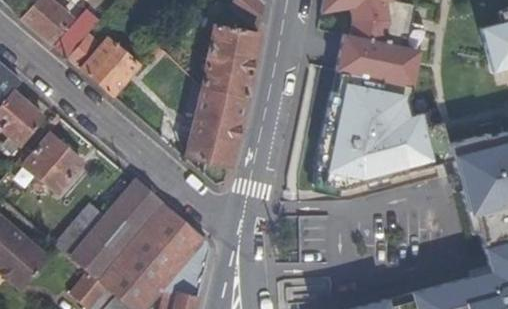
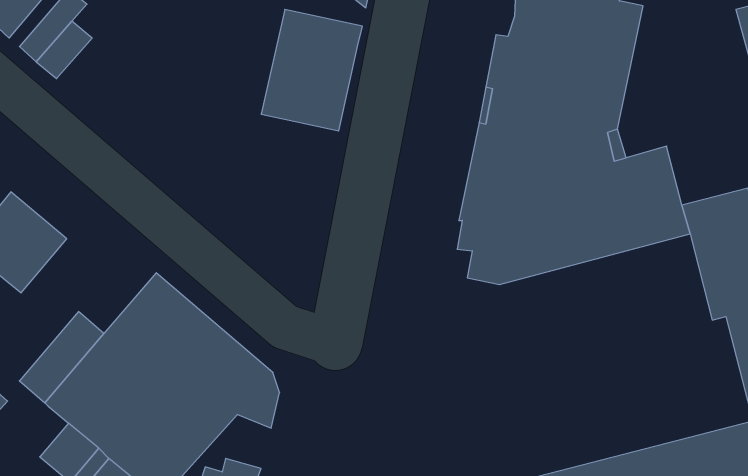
building: [81,38,137,97] -> none
building: [184,88,245,167] -> none

